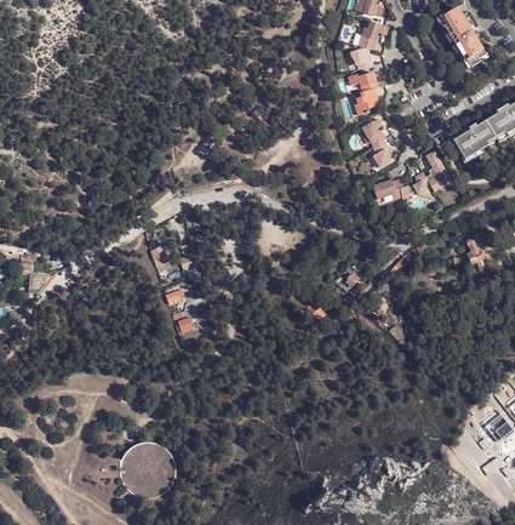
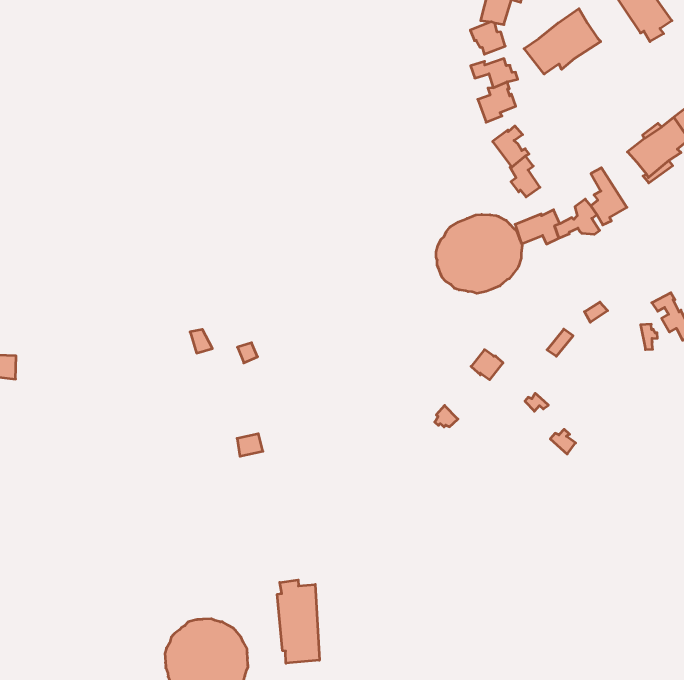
building: none -> [524,9,601,74]
building: none -> [436,214,522,293]
building: none -> [277,580,319,663]

